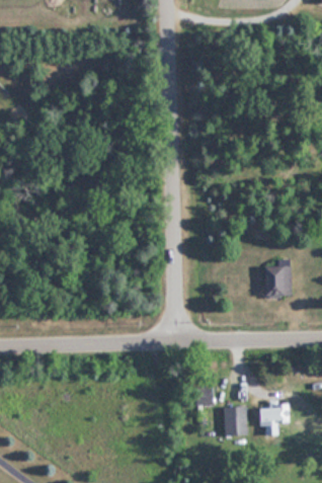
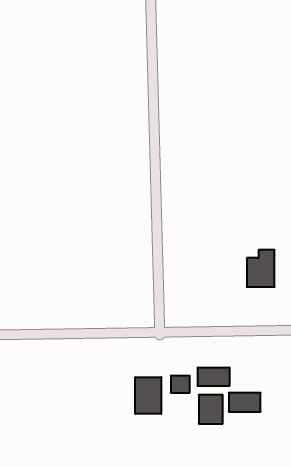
building: none -> [198,367,229,386]
building: none -> [135,377,161,414]

